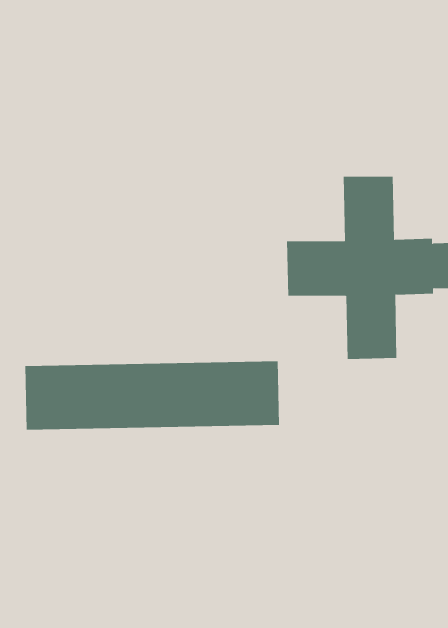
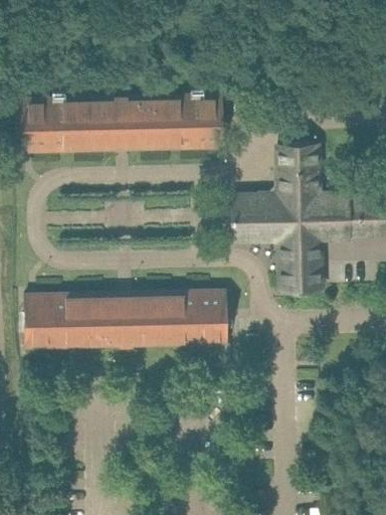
building: none -> [20,96,223,151]

